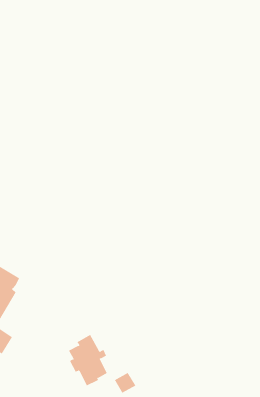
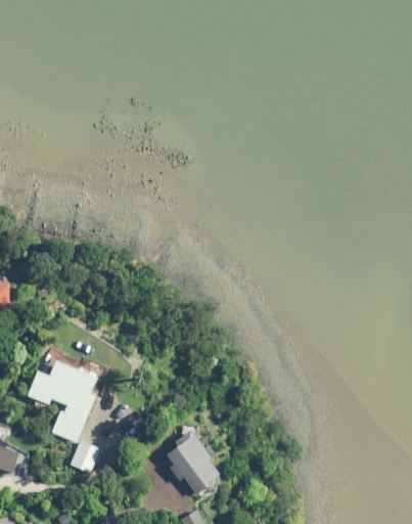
building: [114,372,136,394] -> none

